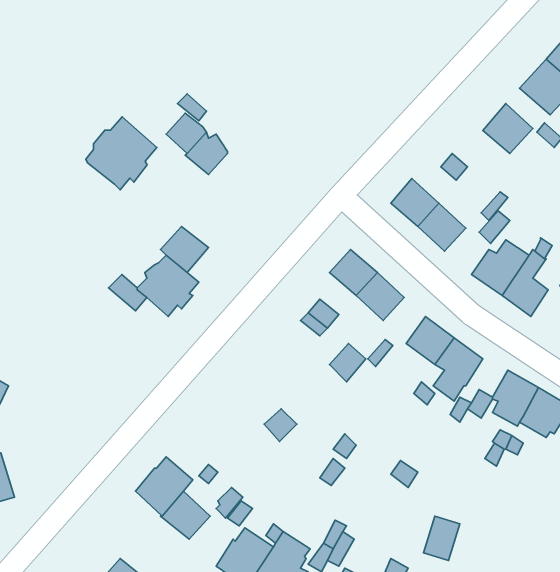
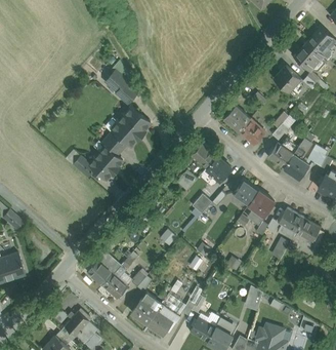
building: [86,117,157,190] -> [112,107,150,146]

